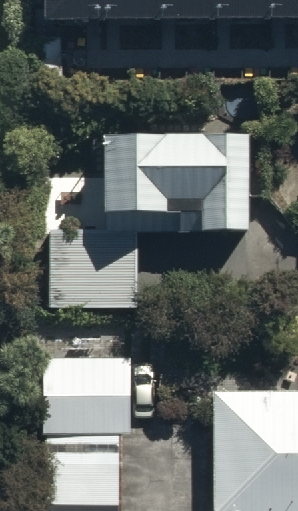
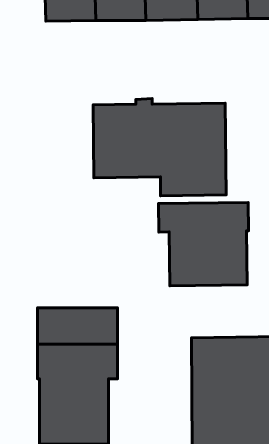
building: [49,229,136,307] -> none
building: none -> [159,202,248,286]

